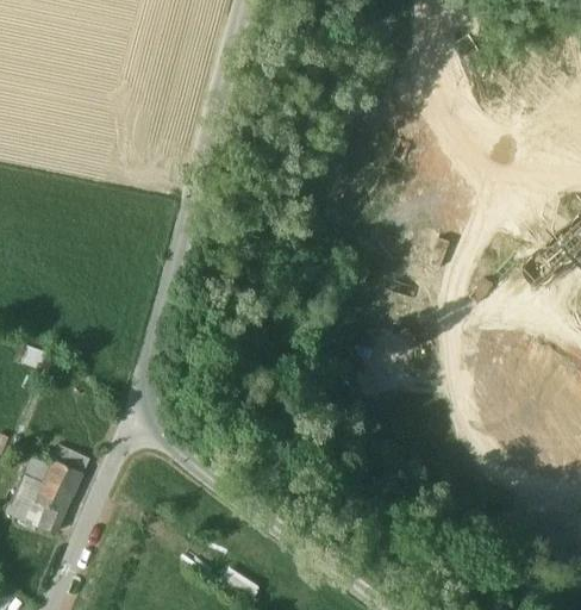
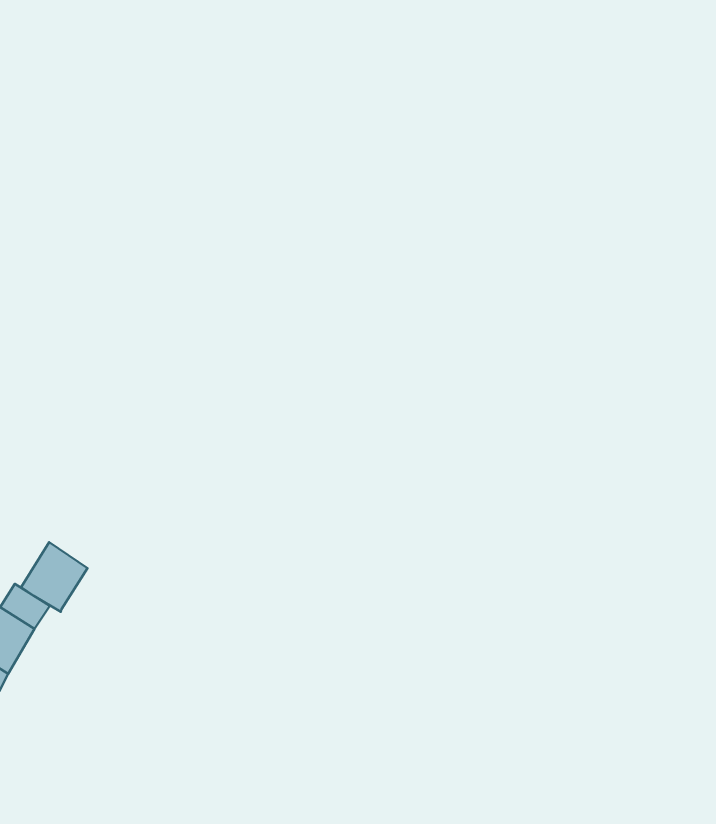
building: none -> [21,542,87,612]

